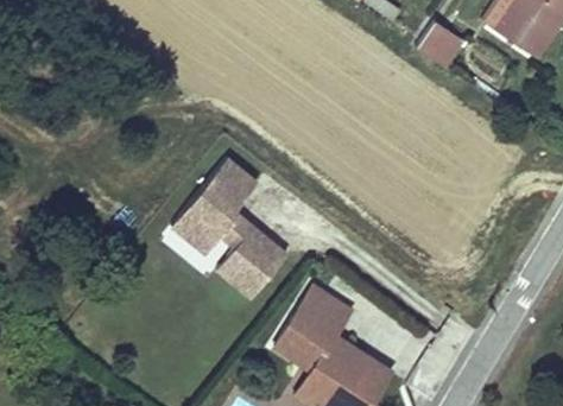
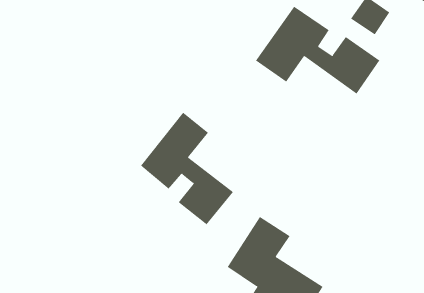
building: none -> [255,6,380,94]

